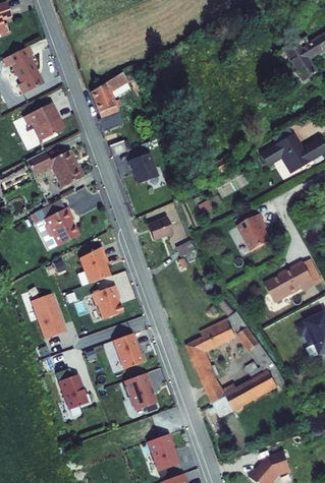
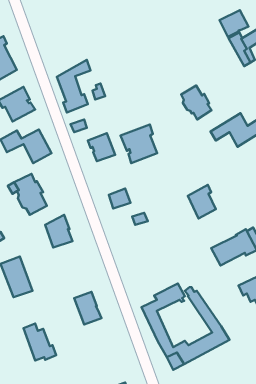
building: none -> [220,10,248,37]
building: none -> [181,86,212,119]
building: none -> [121,124,157,163]
building: [91,284,121,317] -> none
building: [122,371,155,410] -> none

